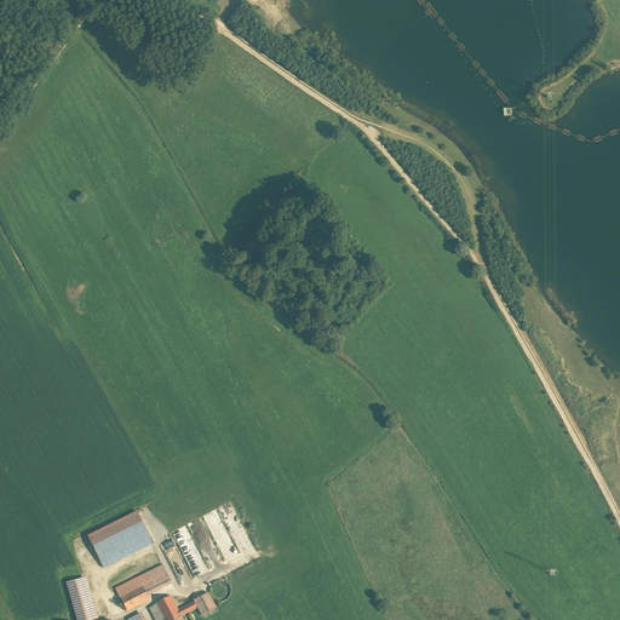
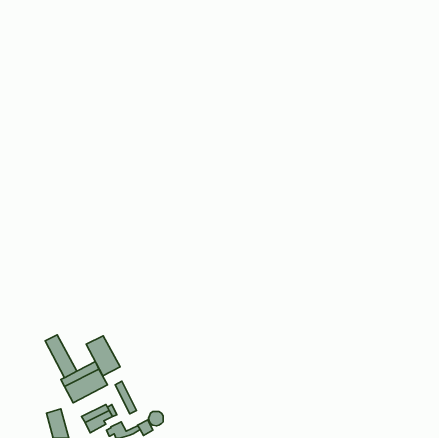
building: none -> [45,335,77,378]
building: none -> [86,336,120,376]

